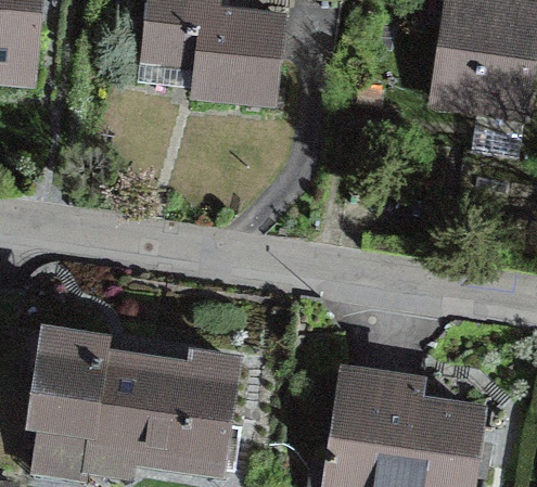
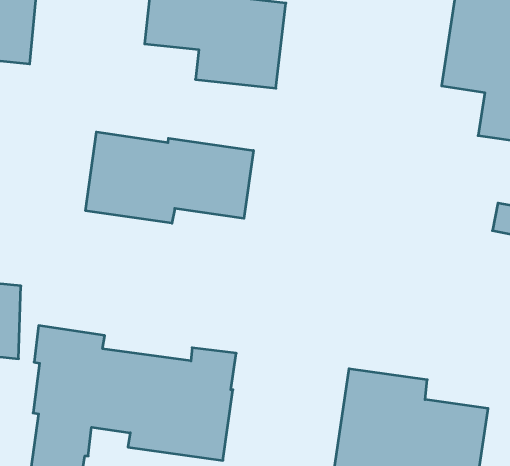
building: none -> [86,132,253,223]

